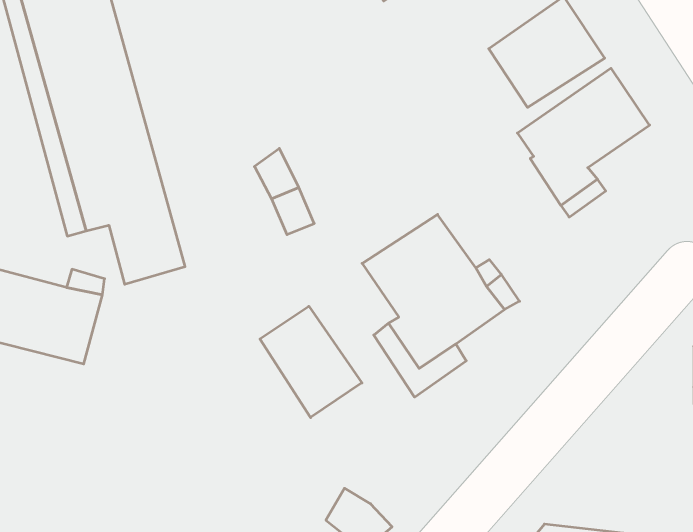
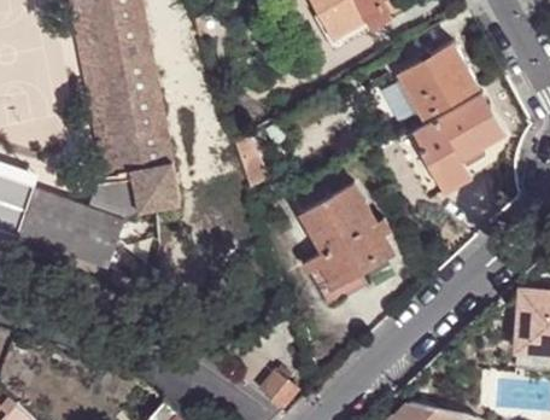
building: [260,306,362,418] -> none

